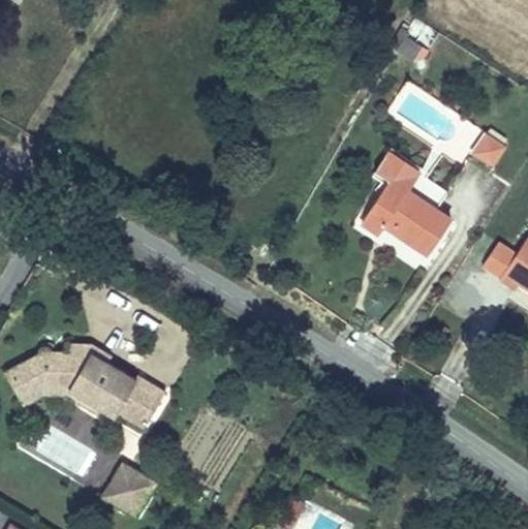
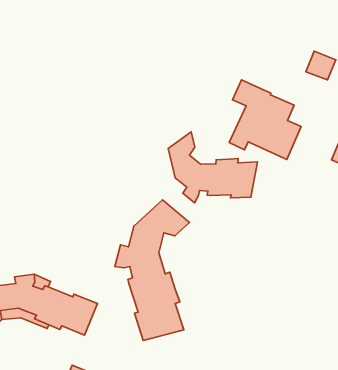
building: none -> [168,132,257,203]
building: none -> [115,200,190,340]

